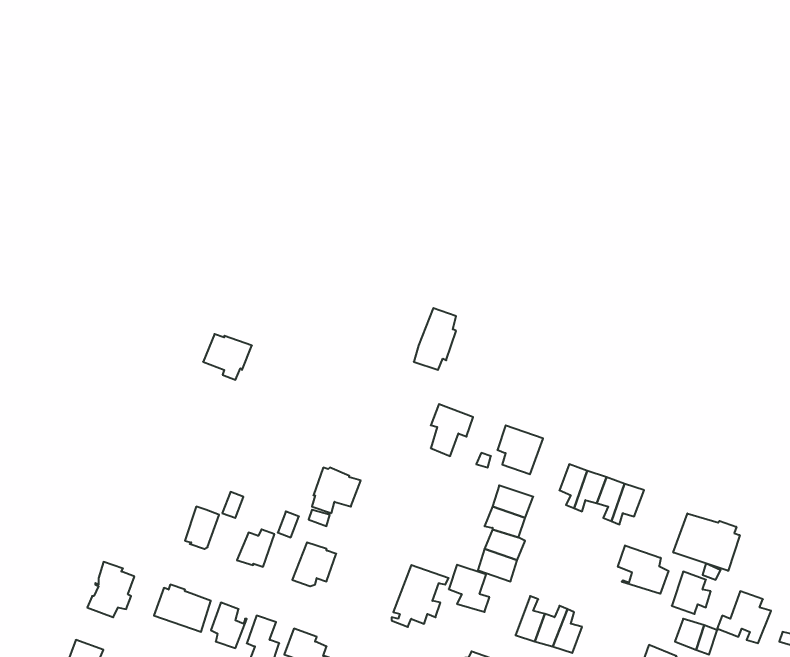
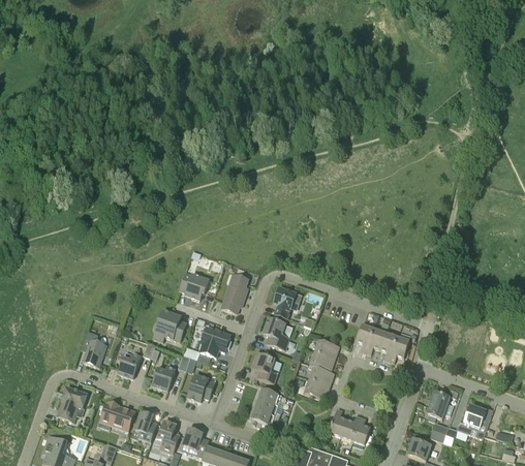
building: [414,308,456,370] -> [221,274,248,313]
building: [203,334,252,380] -> [179,272,210,301]
building: [497,425,543,474] -> [264,318,292,349]
building: none -> [153,310,187,342]
building: none -> [83,331,106,367]
building: [673,513,740,571] -> none
building: [618,545,669,594] -> none
building: [449,565,489,612] -> [251,352,277,382]

